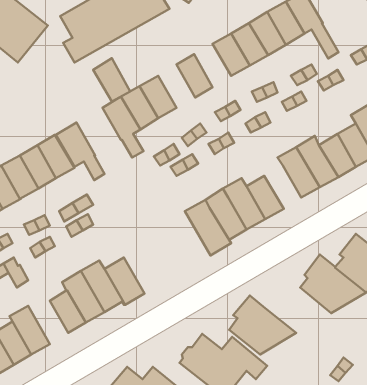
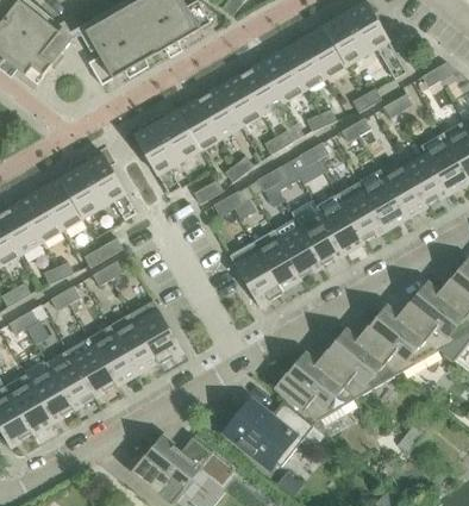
building: none -> [239,63,282,113]
building: [93,58,130,102] -> [198,87,240,137]
building: none -> [315,194,363,254]
building: none -> [321,330,398,396]
building: none -> [51,360,94,410]

